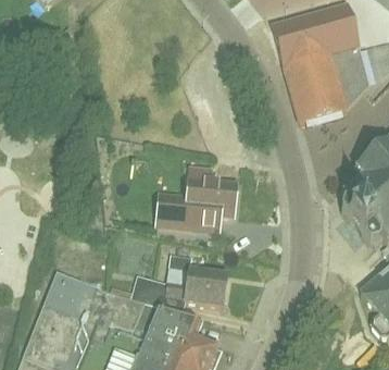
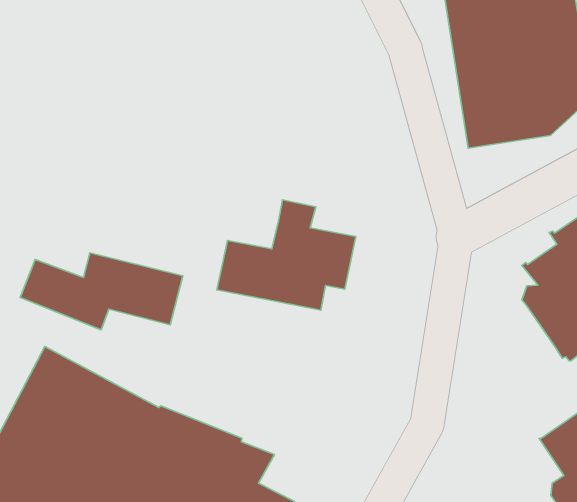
building: [129,267,226,312] -> [20,253,183,330]

